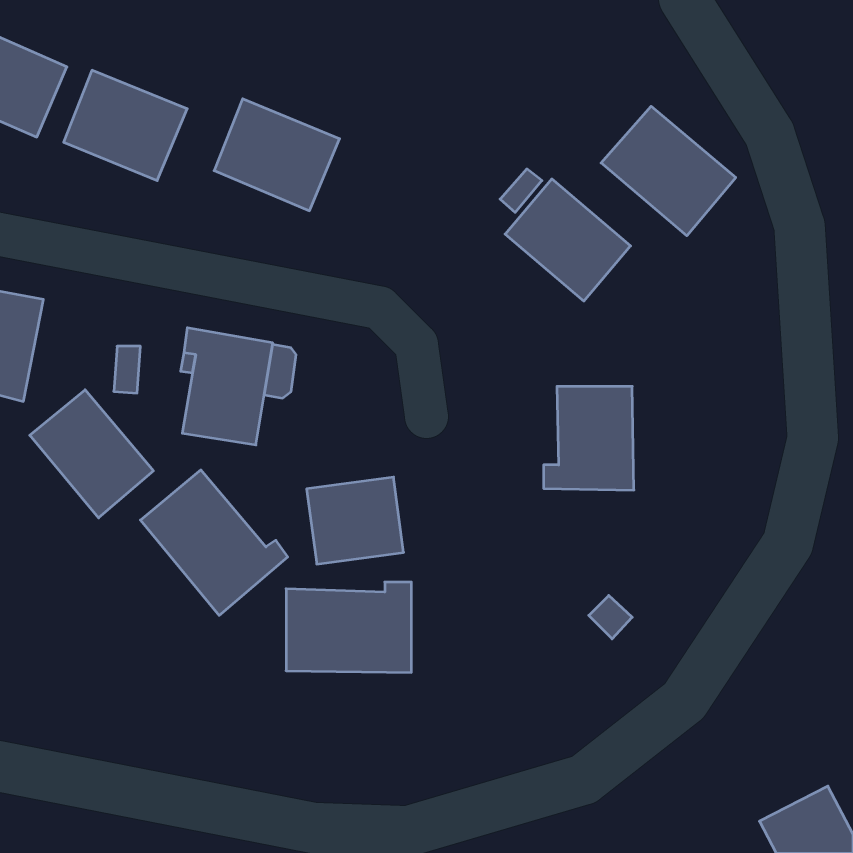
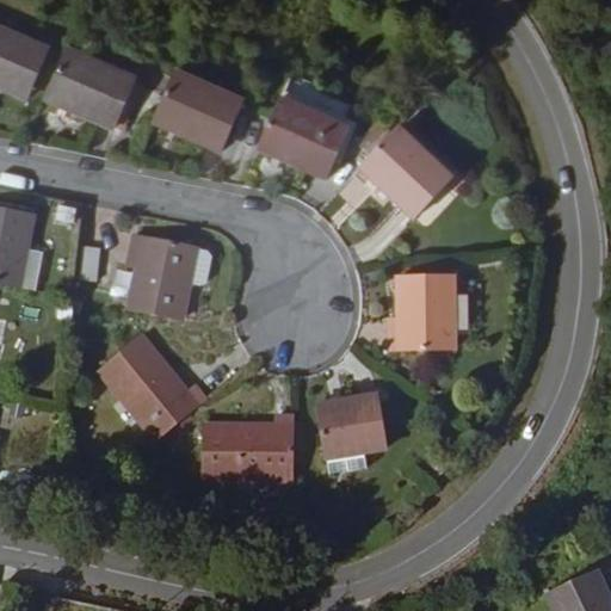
building: [601,106,736,236] -> none
building: none -> [261,97,351,175]
building: [30,390,153,518] -> none
building: [307,477,404,564] -> [315,394,384,456]

